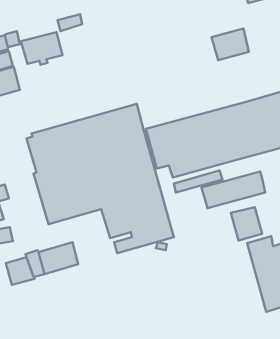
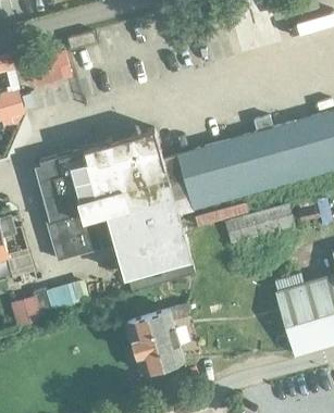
building: [212,29,249,60] -> none
building: [231,207,262,241] -> none
building: none -> [126,304,188,371]

